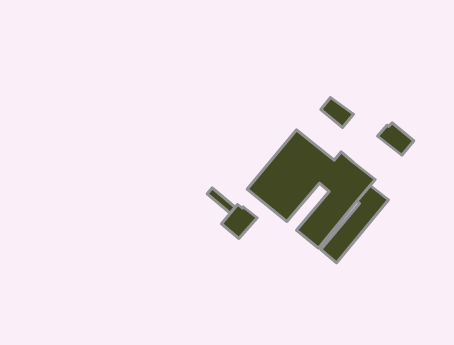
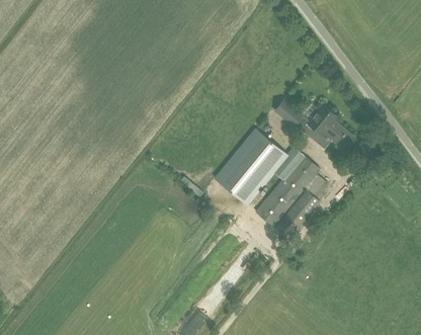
building: none -> [307,105,335,136]
building: [221,204,257,238] -> none

